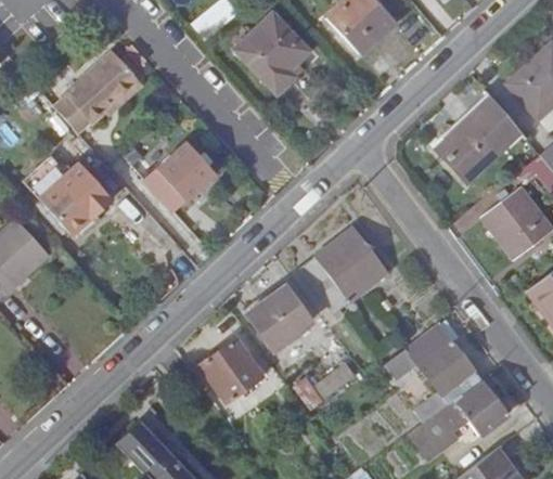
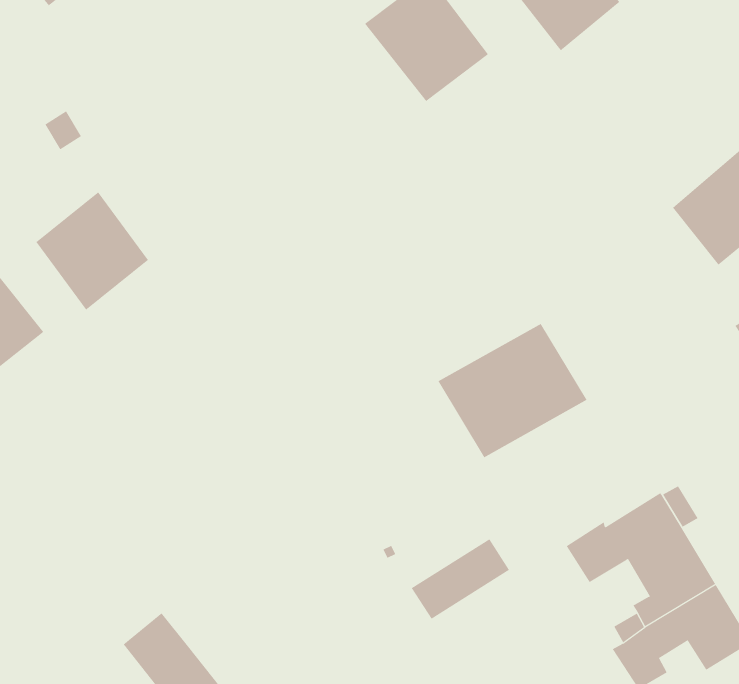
building: [52,47,139,131] -> none
building: [145,143,215,211] -> none
building: [250,284,316,346] -> none
building: [202,336,263,400] -> none

